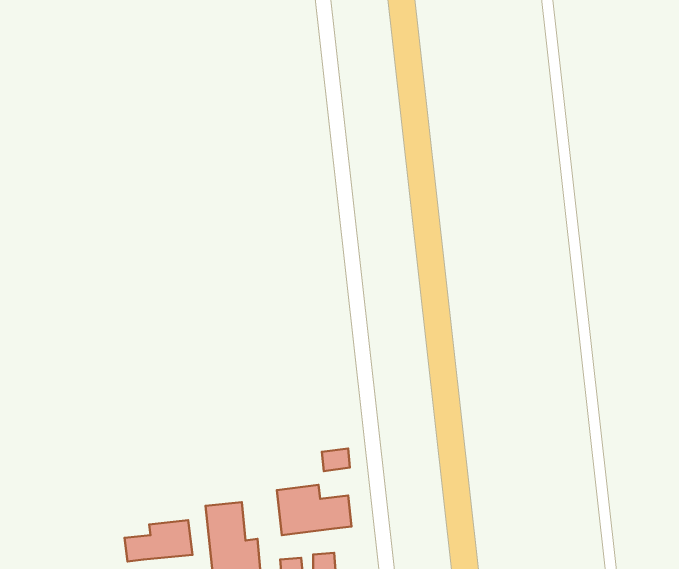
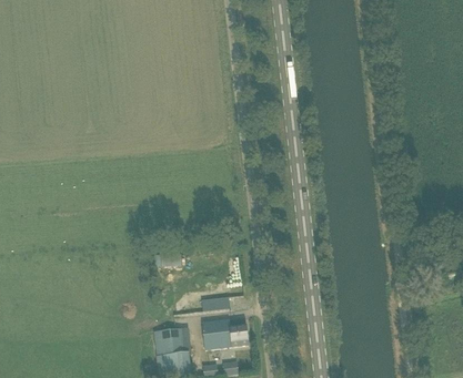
building: [124,520,192,562] -> none

